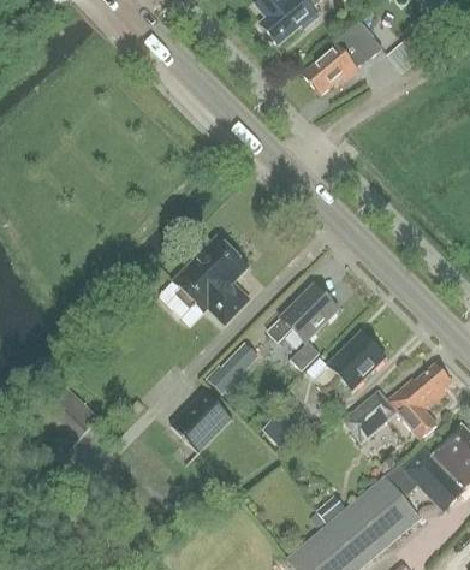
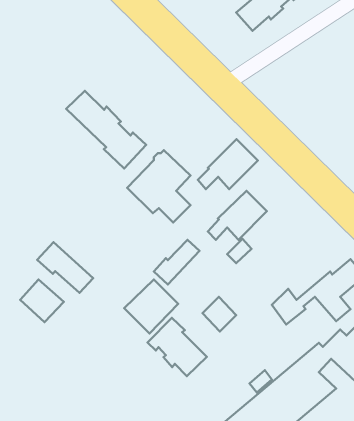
building: none -> [66,91,146,168]
building: [315,331,386,390] -> [198,139,258,189]
building: none -> [37,242,93,293]
building: none -> [148,318,207,376]

